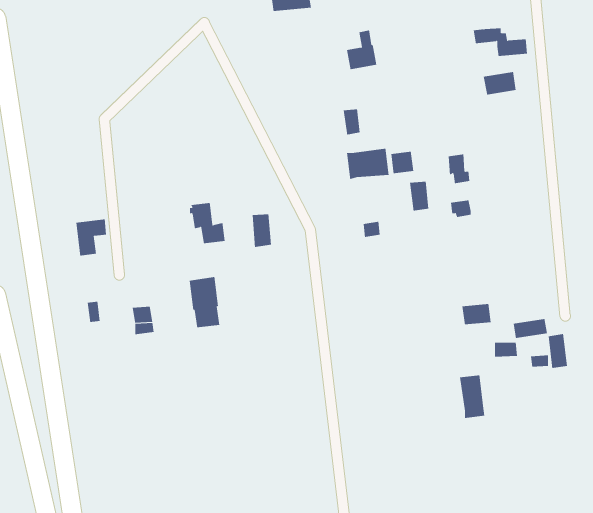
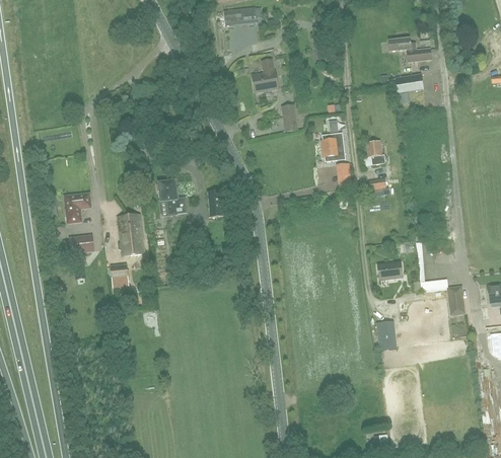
building: [346,30,377,70] -> [253,59,278,91]
building: [346,148,389,180] -> none
building: none -> [64,234,93,252]
building: [189,277,220,328] -> [118,213,143,254]

